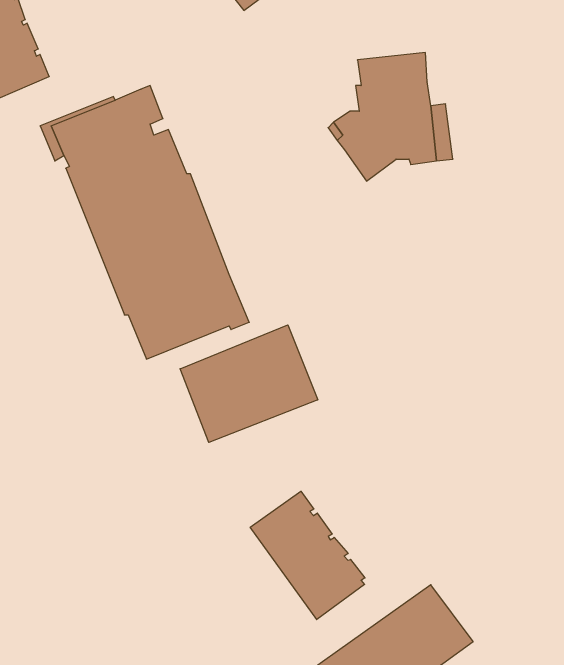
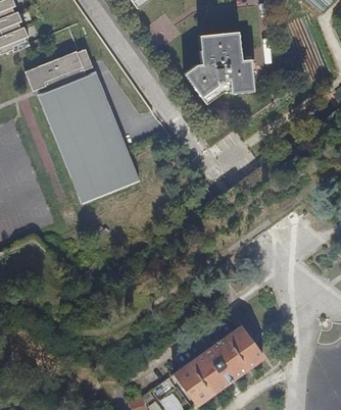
building: [180,325,318,442] -> none
building: [250,491,365,620] -> none

